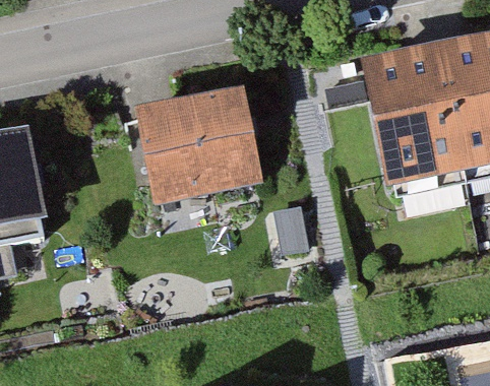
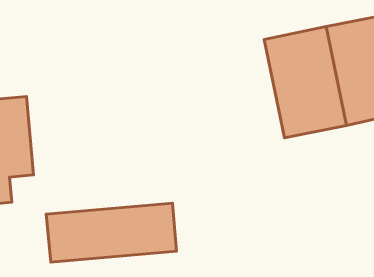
building: [151,98,264,198] -> none
building: none -> [46,203,176,262]

